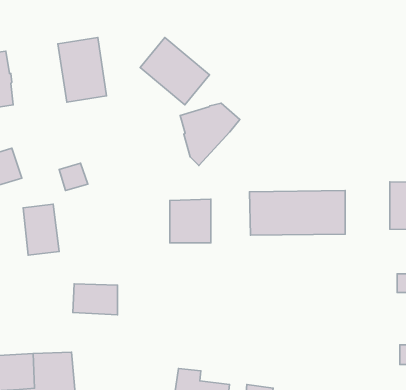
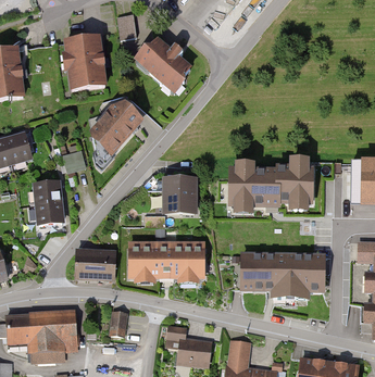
building: none -> [117,12,138,38]
building: [180,103,240,165] -> [89,105,141,160]
building: none -> [130,248,205,275]
building: none -> [241,254,326,294]
building: none -> [109,311,129,338]

